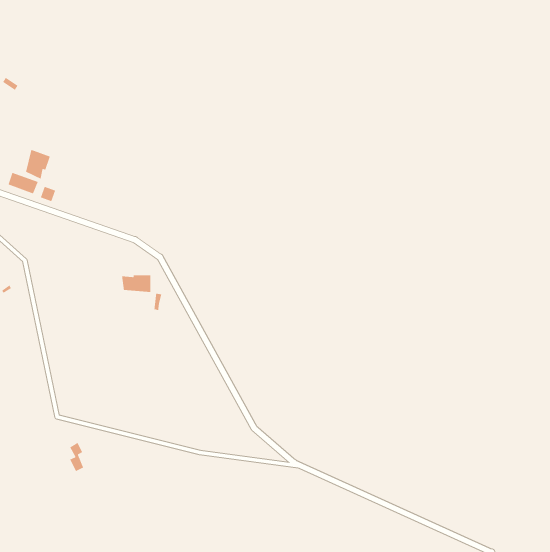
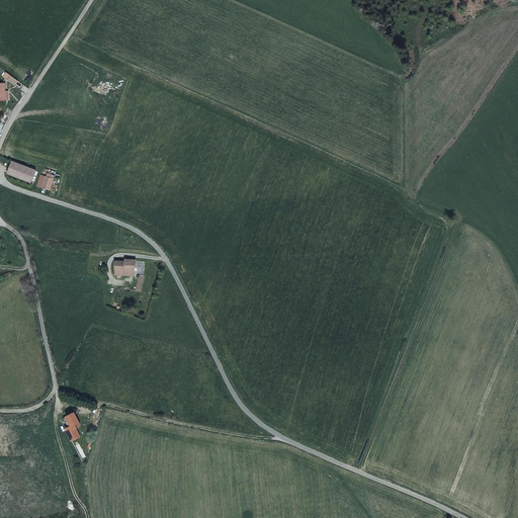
building: [25,149,51,180] -> none

